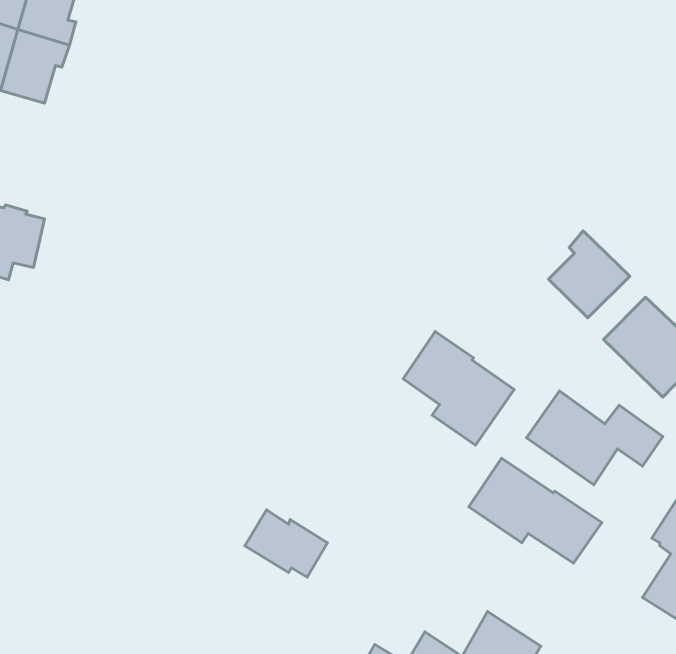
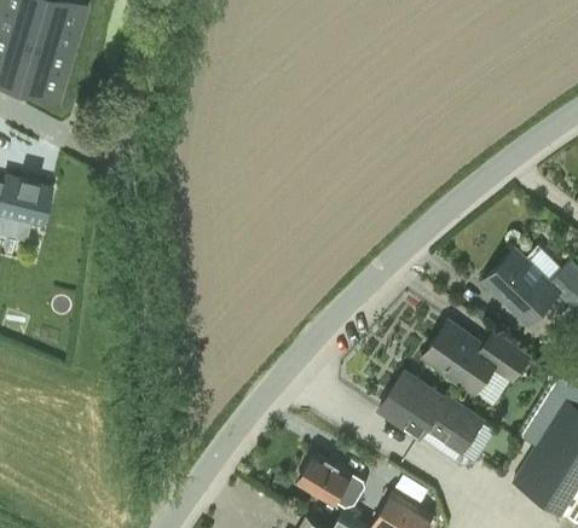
building: [549,231,630,318] -> none
building: [403,331,514,445] -> none
building: [245,510,328,577] -> [299,457,363,509]

